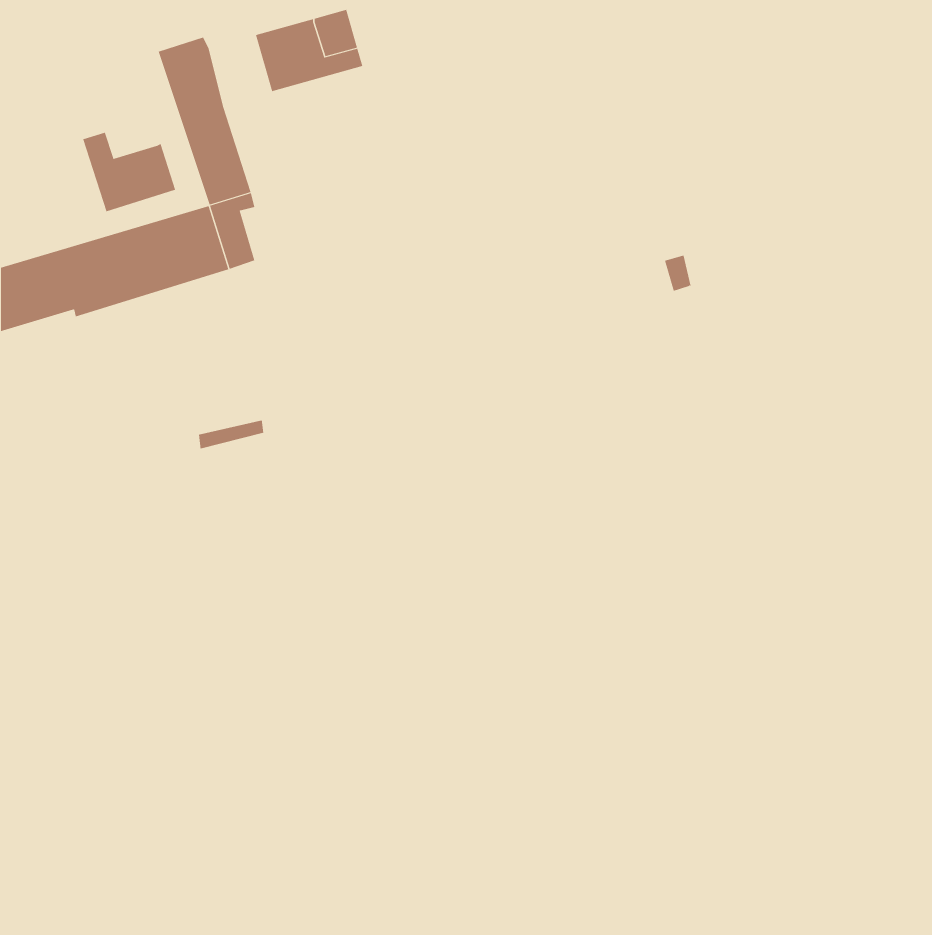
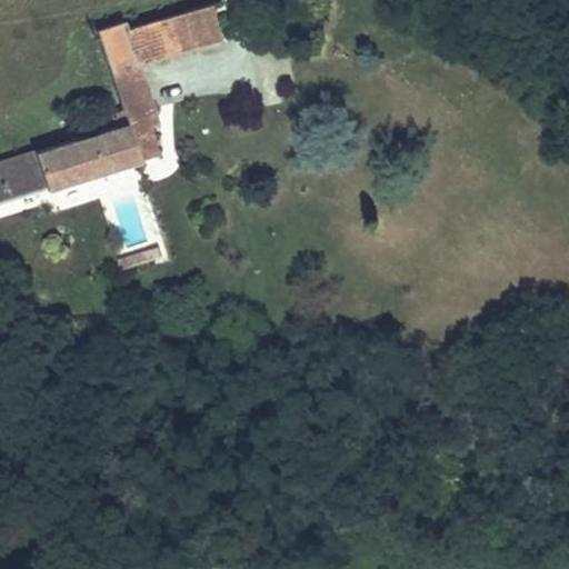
building: none -> [130,21,168,64]
building: [83,132,176,212] -> none

